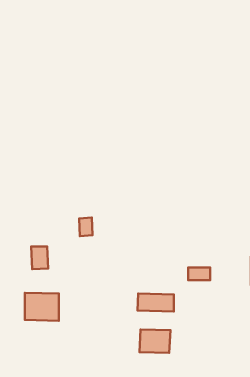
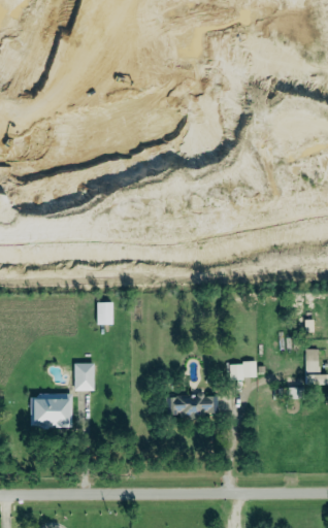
building: [31,246,48,269] -> [74,363,95,391]
building: [139,329,170,353] -> none

